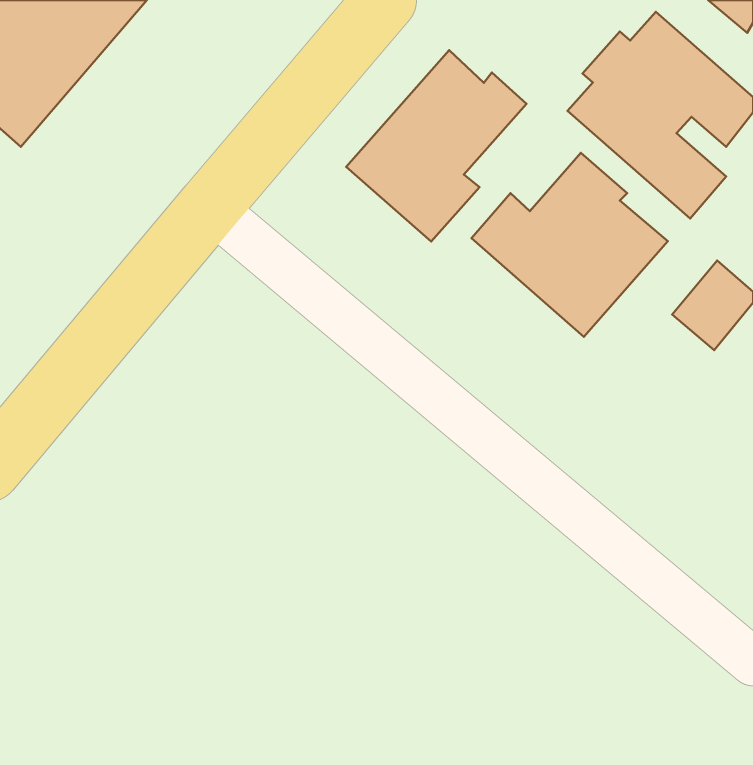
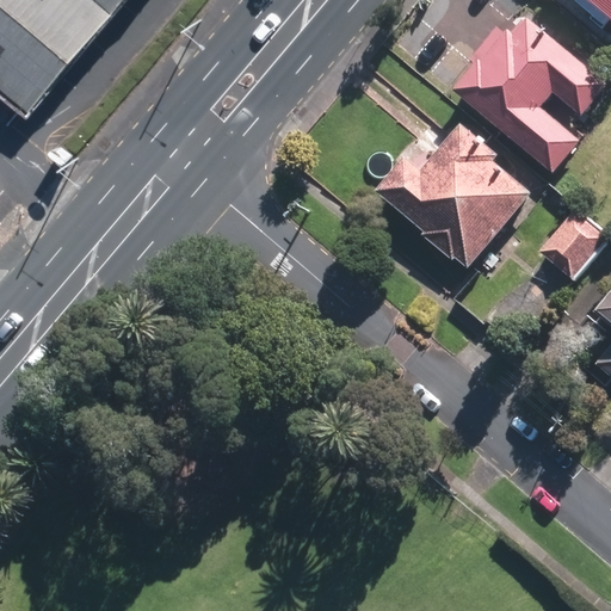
building: [346,50,527,242] -> none

